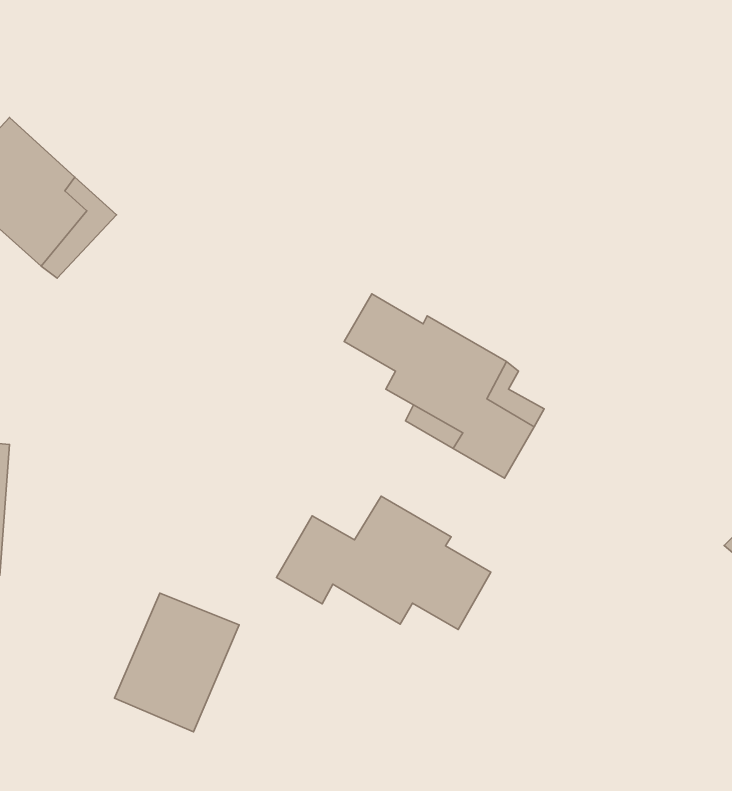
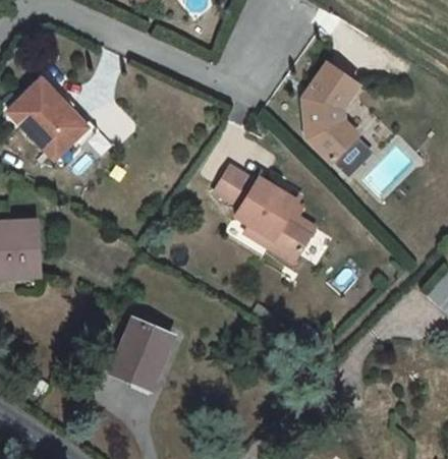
building: none -> [303,59,358,163]
building: [276,496,491,629] -> none

